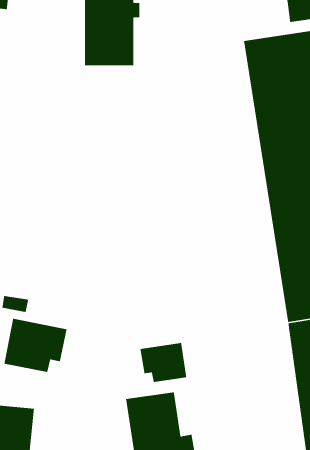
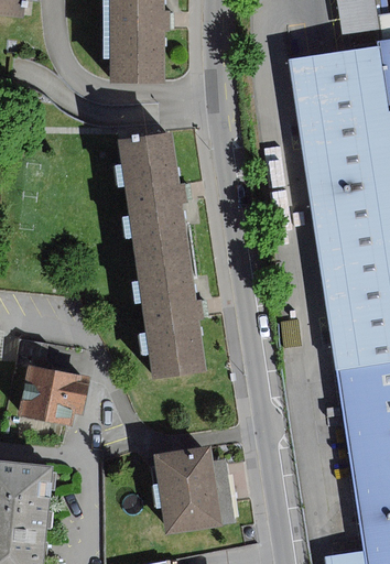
building: none -> [118,131,206,380]
building: [140,342,187,383] -> none

